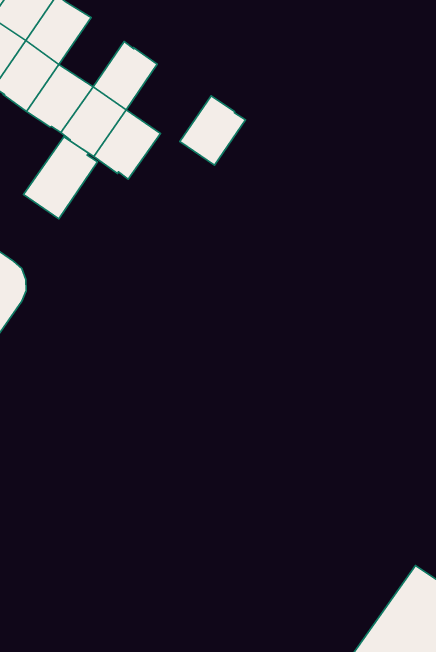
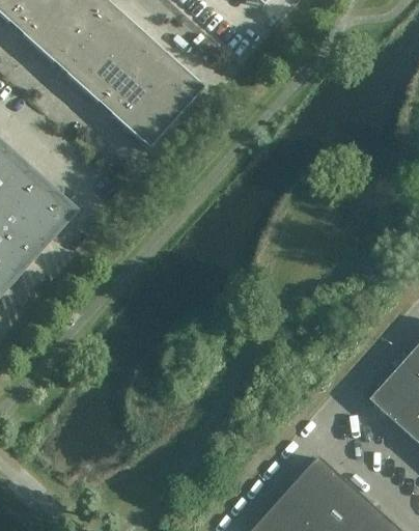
building: none -> [109,26,159,77]
building: [180,96,246,165] -> [153,66,203,117]
building: [23,137,98,219] -> none

